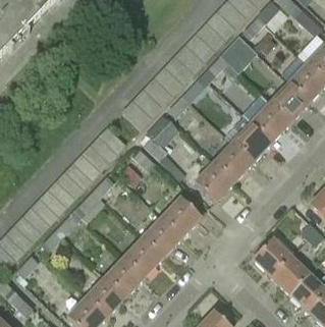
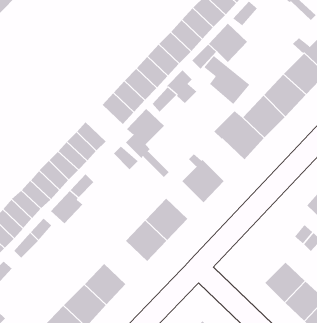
building: [215,143,254,181] -> none
building: [124,236,164,276] -> none
building: [254,237,291,275] -> none

